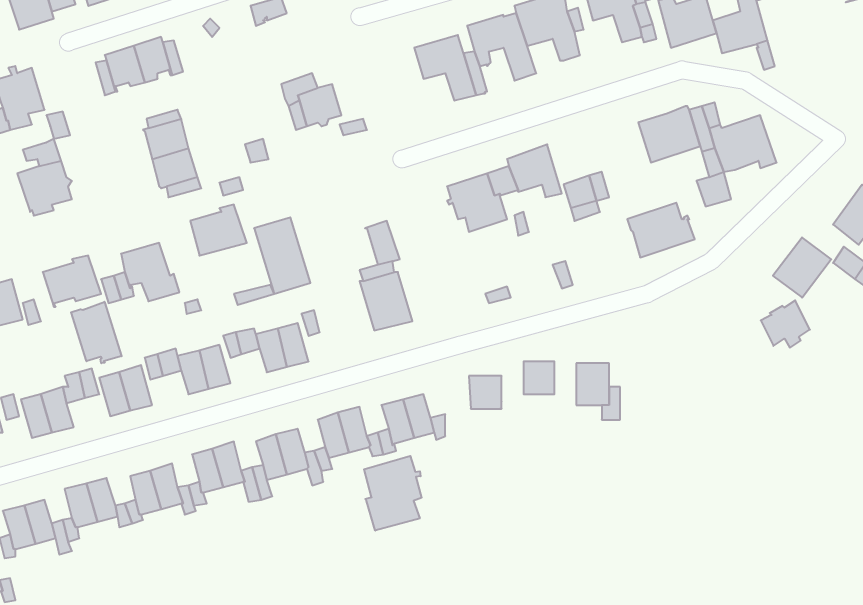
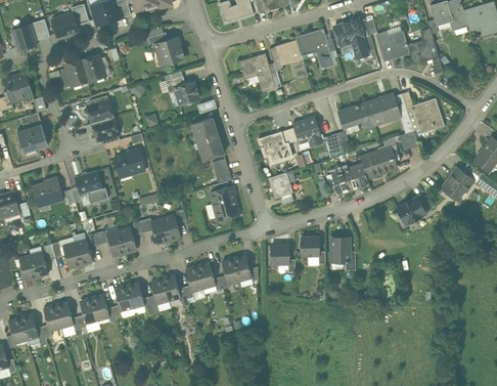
building: none -> [154,39,183,62]
building: none -> [337,102,373,129]
building: [254,217,310,294] -> [191,117,223,160]
building: none -> [334,163,368,194]
building: none -> [267,172,292,198]
building: [761,300,810,348] -> [397,197,424,223]
building: [71,302,122,363] -> none
building: [364,456,422,531] -> none

